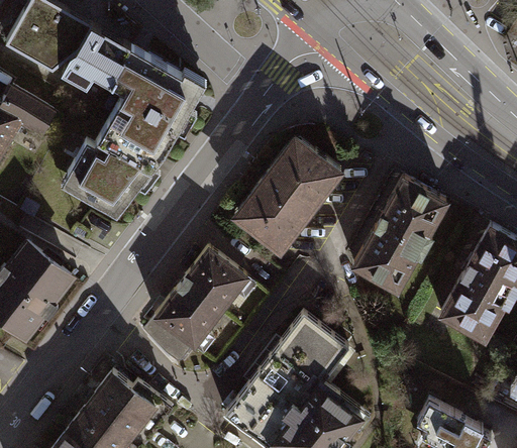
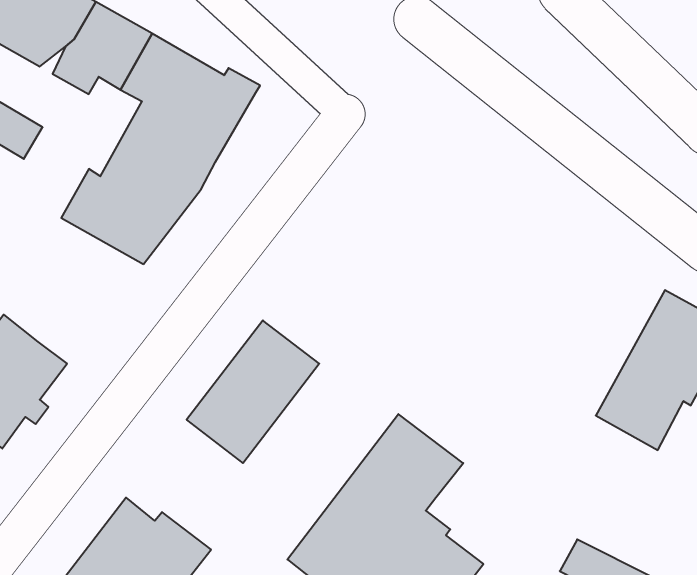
building: [238,141,338,247] -> none
building: [352,178,445,290] -> none
building: [141,317,193,365] -> none

